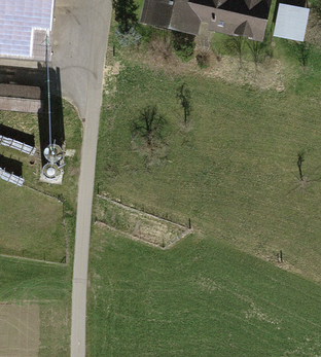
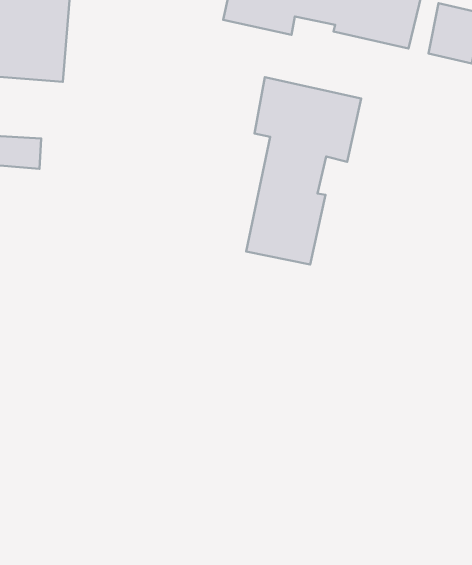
building: none -> [246,77,361,265]

